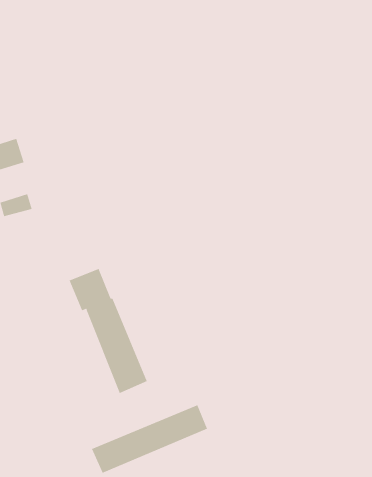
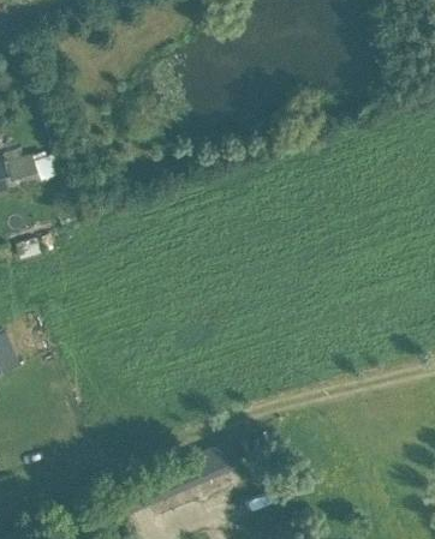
building: [69,268,147,394] -> none

